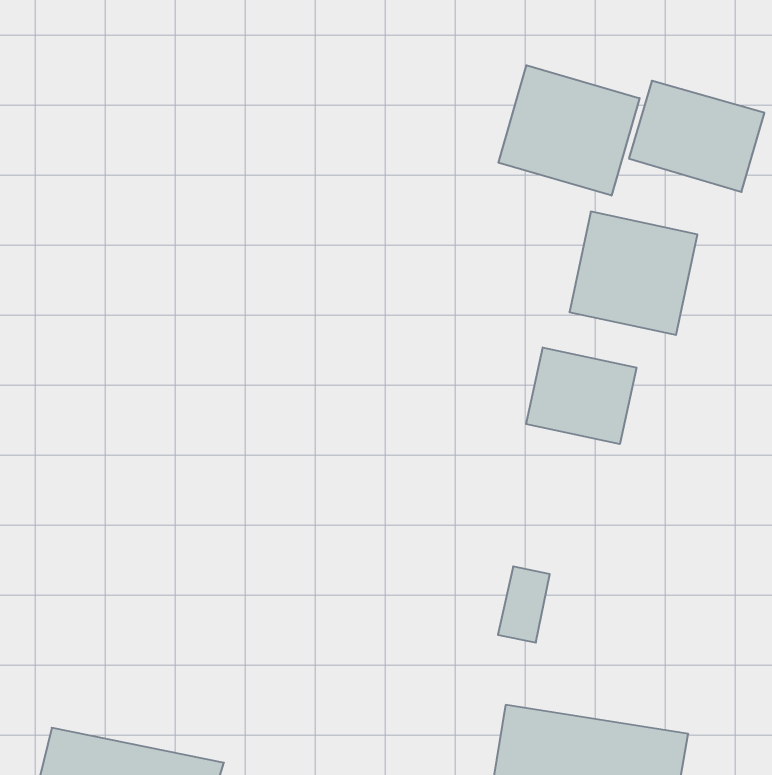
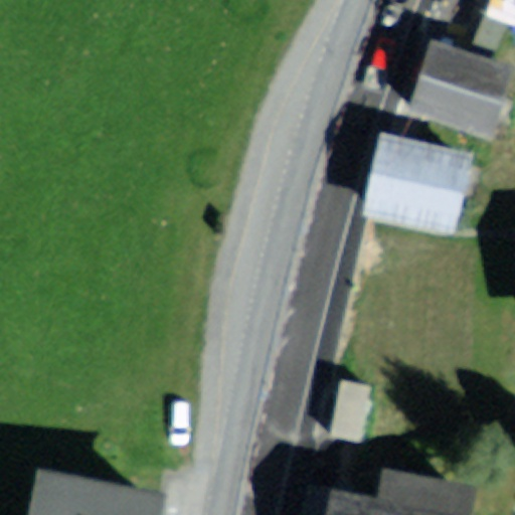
building: [498,65,640,196] -> none
building: [526,347,636,444] -> none

